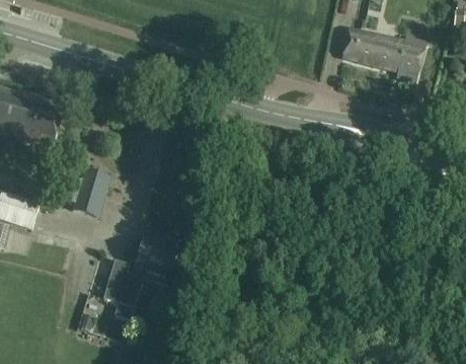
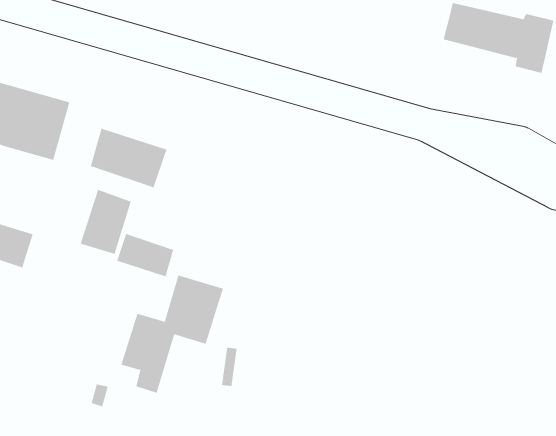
building: none -> [90,128,167,188]
building: none -> [116,233,174,277]

